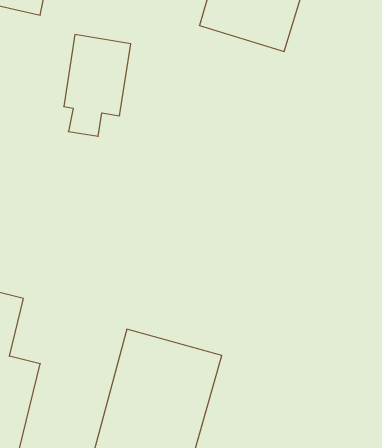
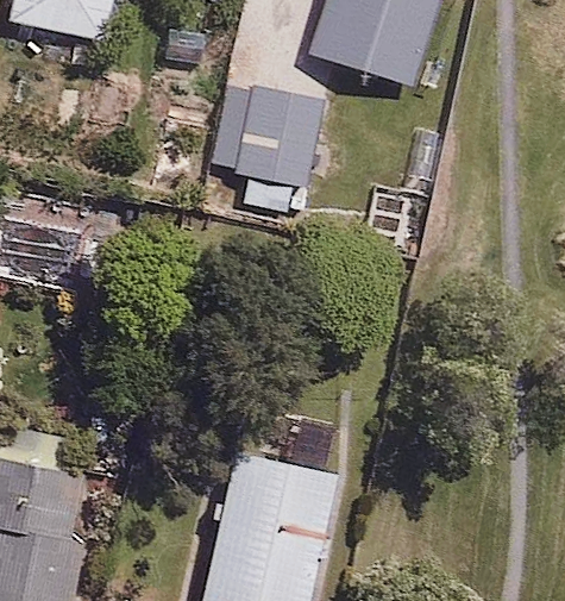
building: [64,35,131,136] -> [239,84,325,214]

